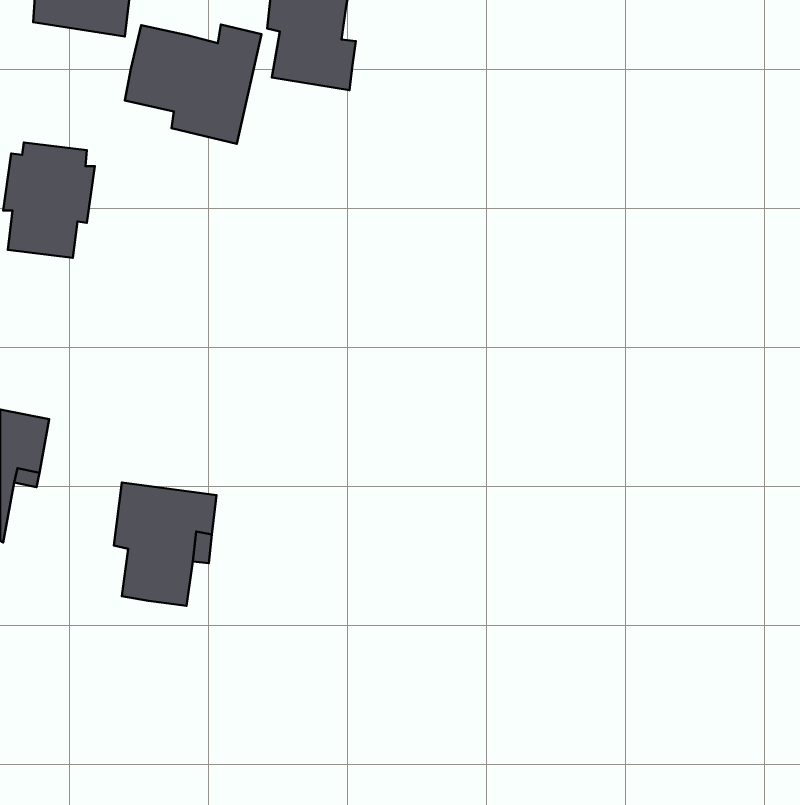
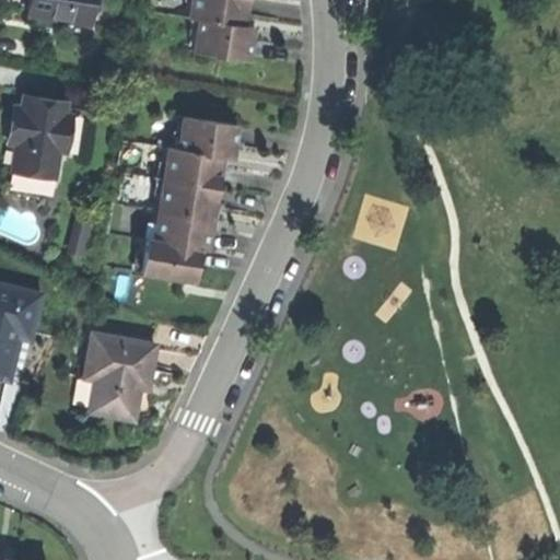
building: [125,24,262,144] -> none
building: none -> [143,119,237,283]

